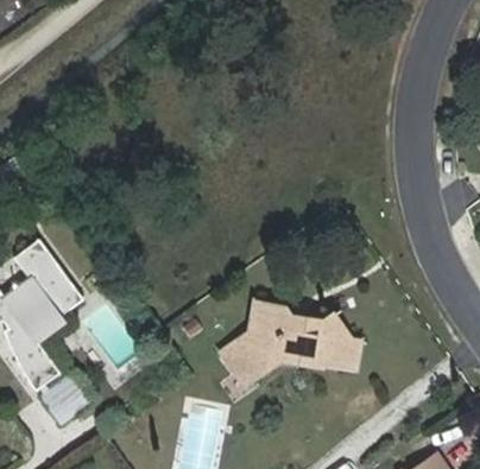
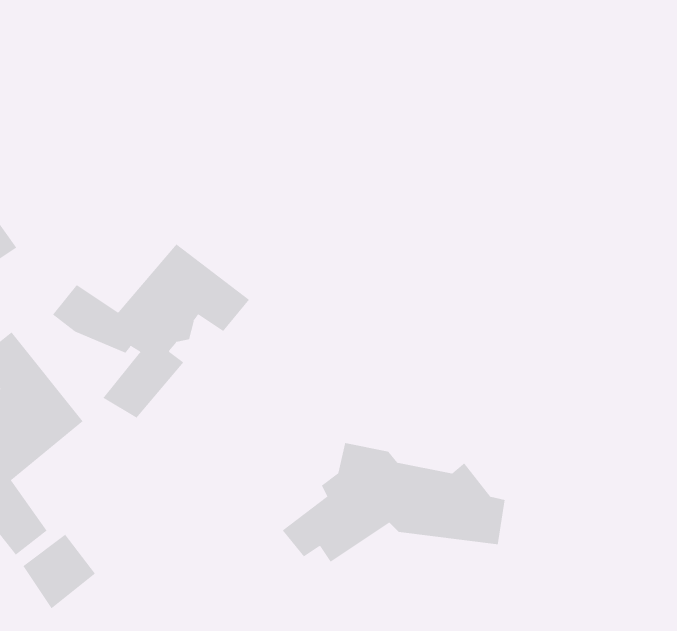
building: none -> [52,243,250,419]

